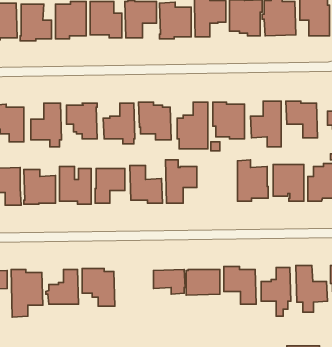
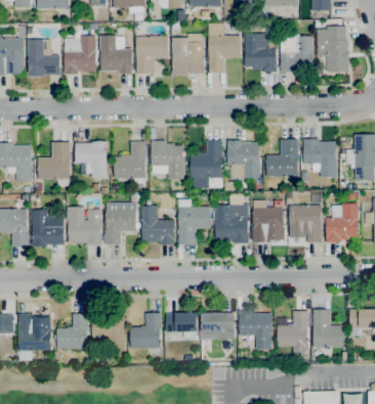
building: none -> [213,205,249,243]
building: none -> [130,312,162,352]

